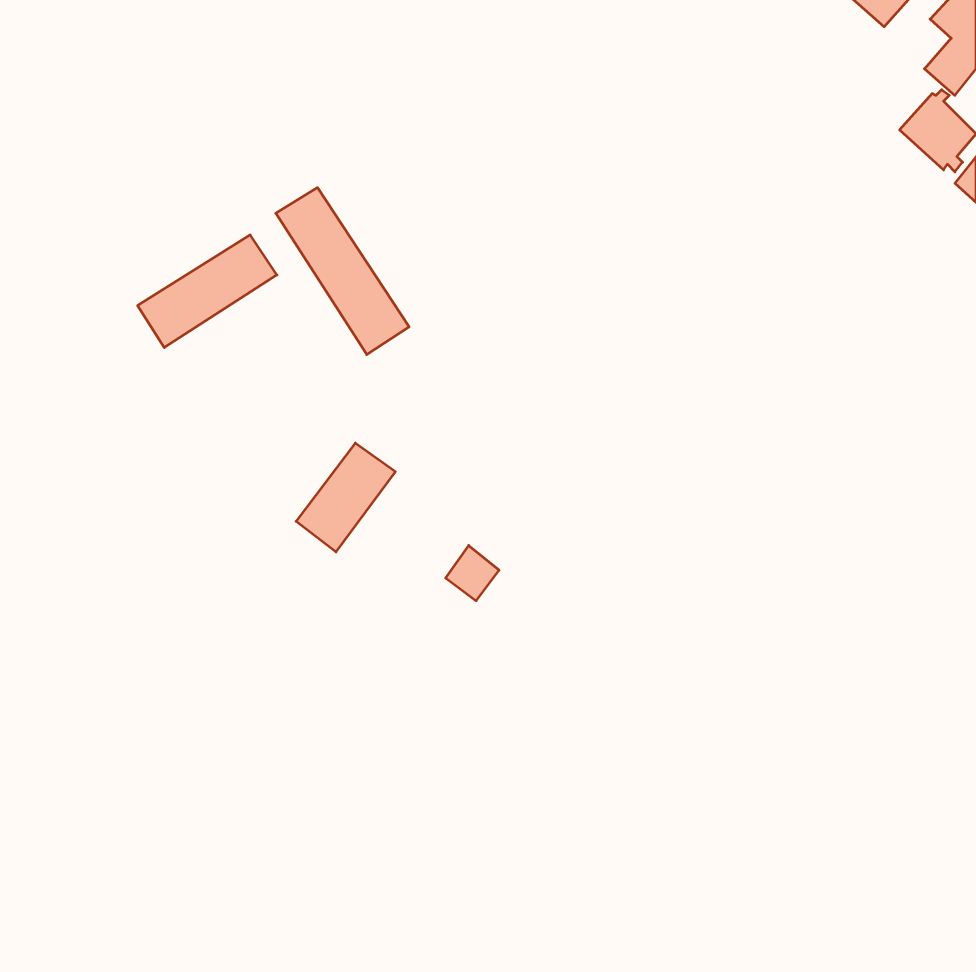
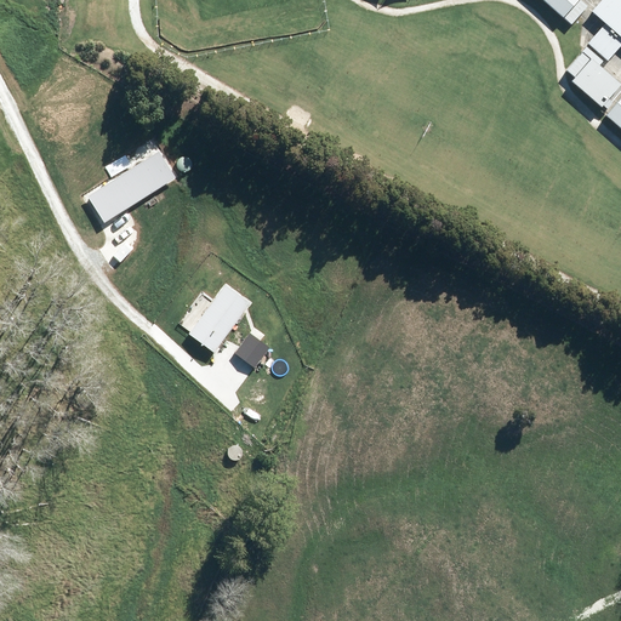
building: [276,188,409,355] -> none
building: [446,545,499,601] -> [235,330,269,365]

